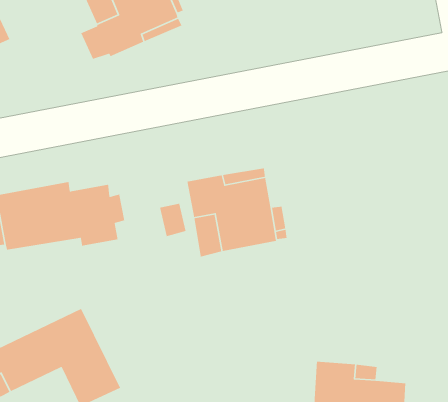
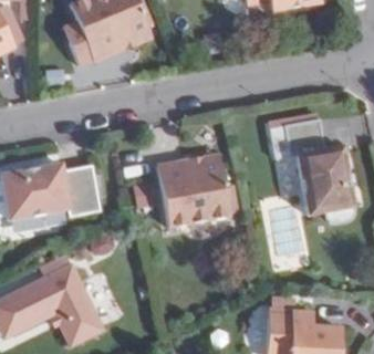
building: none -> [283,121,352,216]

